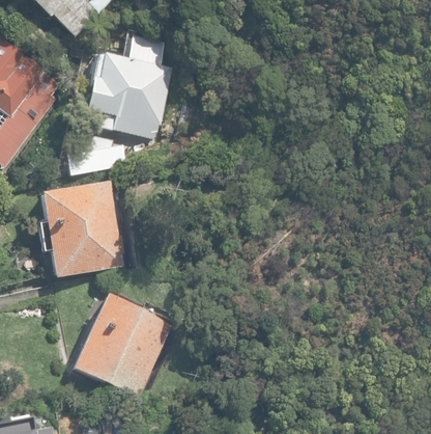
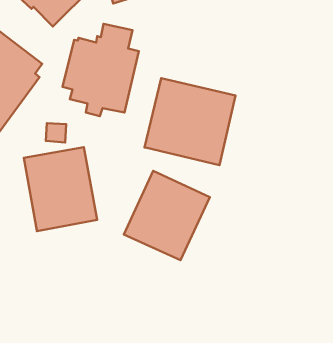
building: none -> [144,78,235,165]
building: [71,293,172,398] -> [124,171,210,260]

